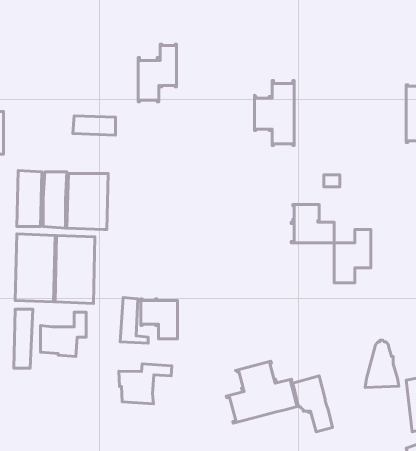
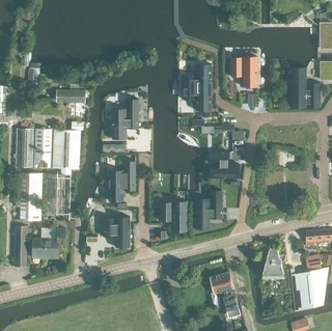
building: [138,44,177,102] -> [111,99,138,139]
building: none -> [230,57,256,86]
building: none -> [108,161,135,201]
building: [334,230,371,283] -> [195,191,221,228]
building: none -> [160,201,187,231]
building: [226,361,298,423] -> none
building: [119,364,172,404] -> none

